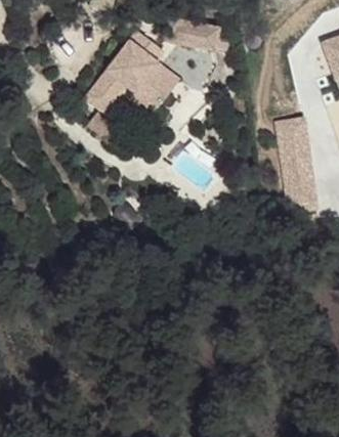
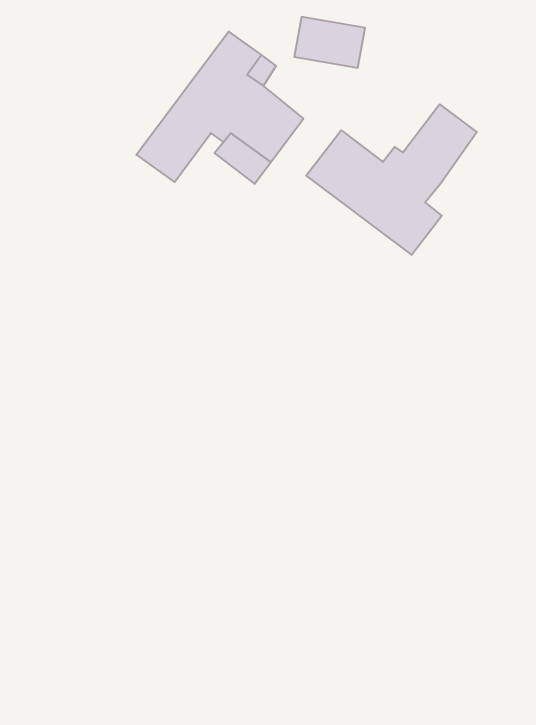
building: none -> [306,104,477,255]

